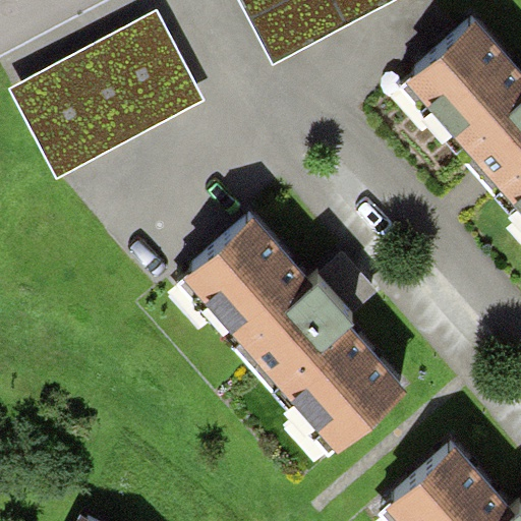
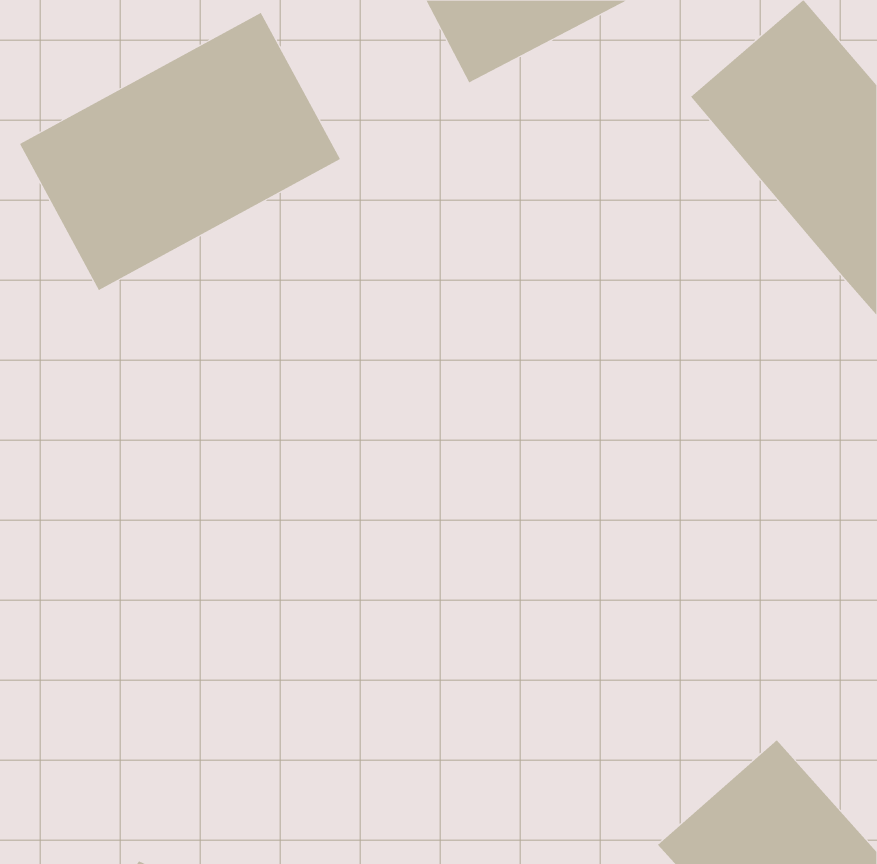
building: [182,211,401,440] -> none

